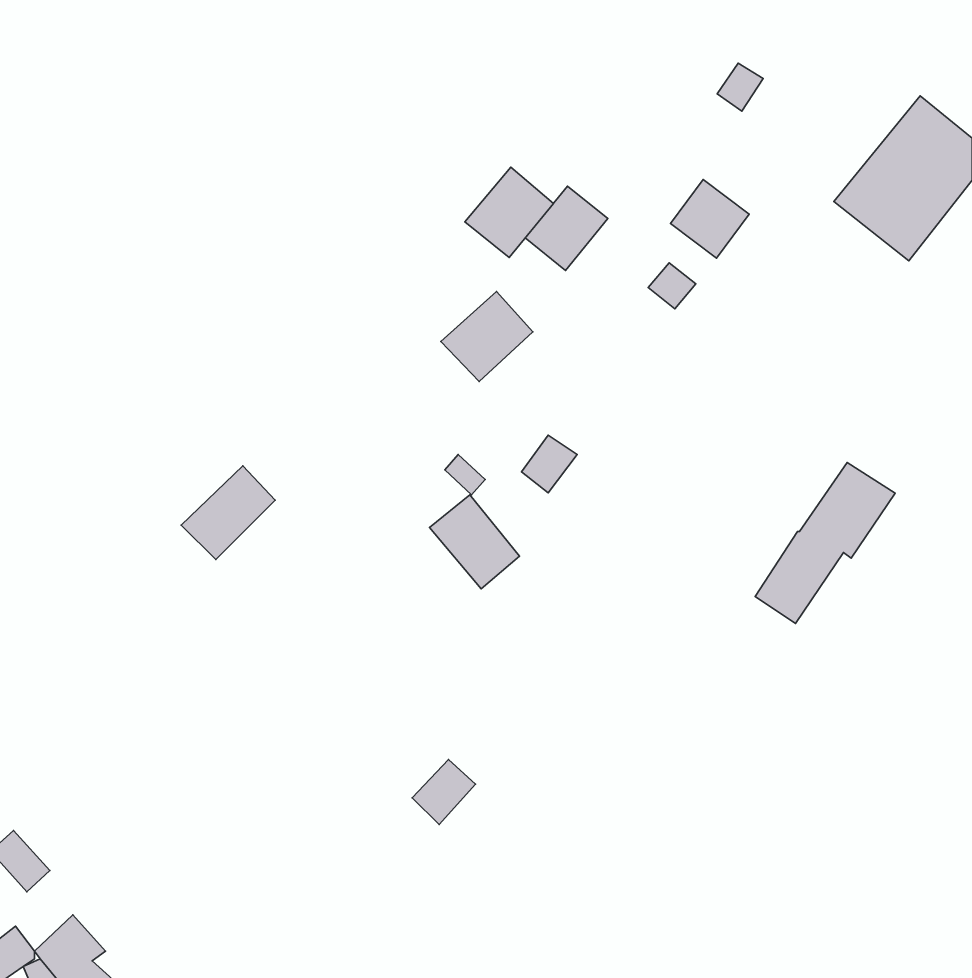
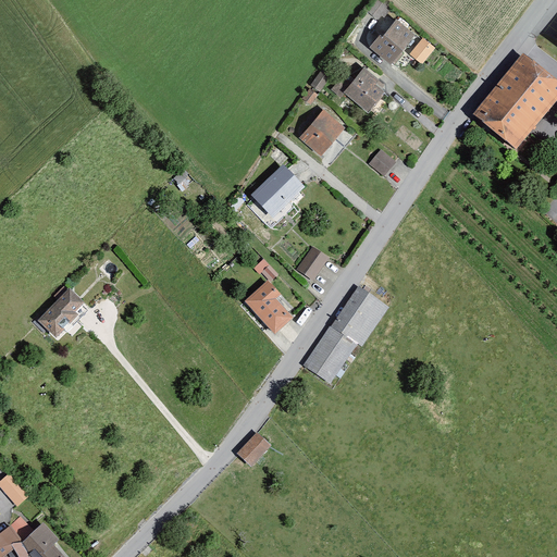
building: none -> [374,17,416,61]
building: [465,167,553,258] -> none
building: [670,180,749,258] -> [344,65,388,110]
building: [755,462,895,623] -> [302,290,382,382]
building: [181,466,275,560] -> [35,287,88,341]

